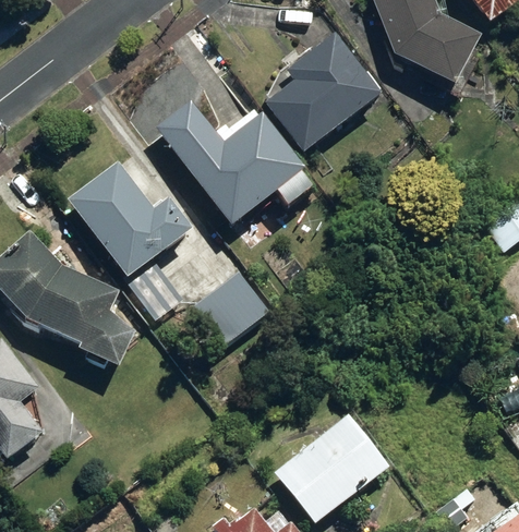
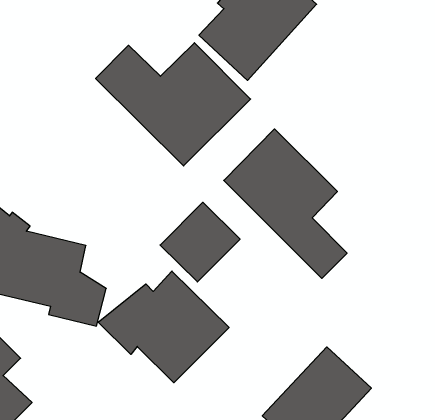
building: [68,161,194,317] -> none
building: none -> [224,129,347,278]
building: none -> [98,271,229,383]

